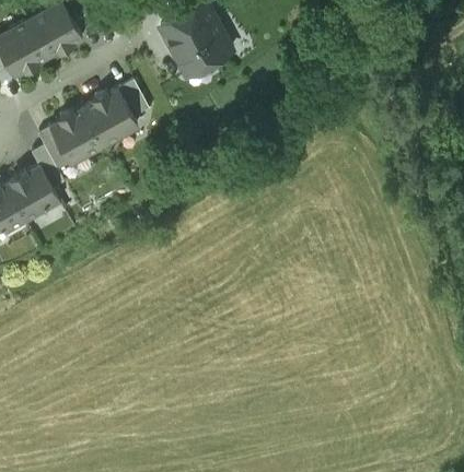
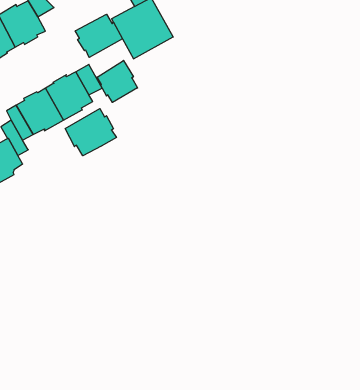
building: none -> [75,14,123,57]
building: none -> [97,60,138,102]
building: none -> [65,109,116,156]

